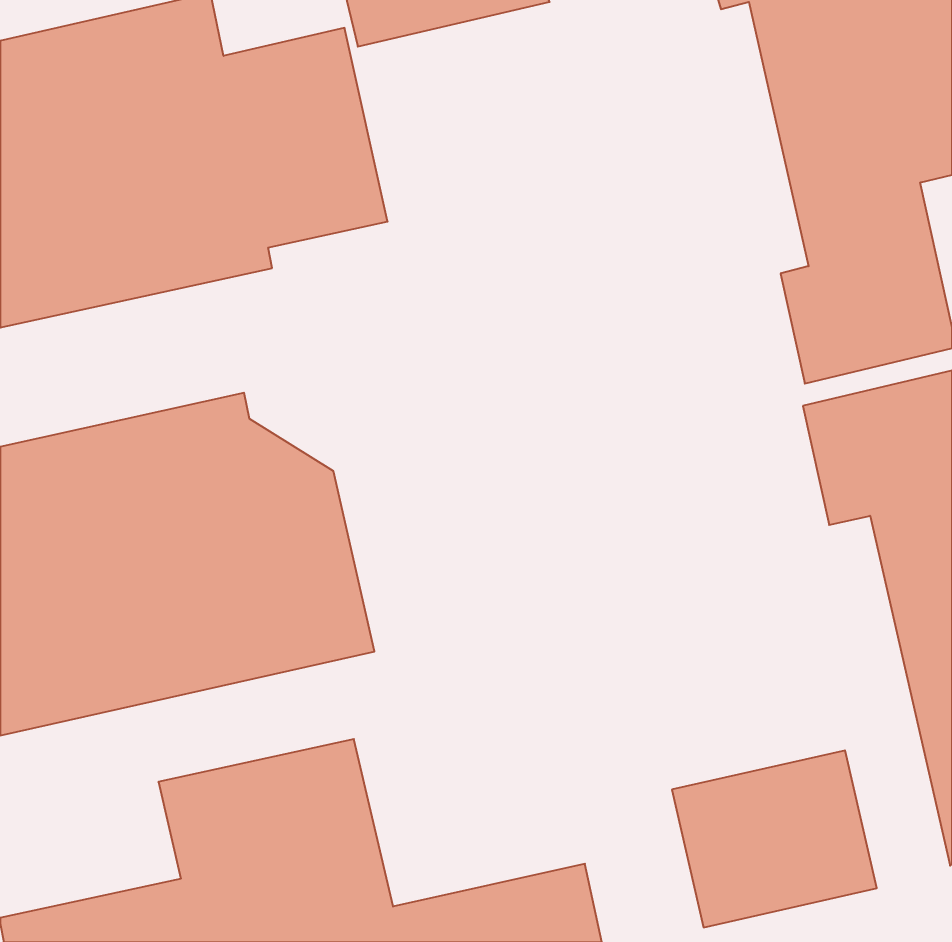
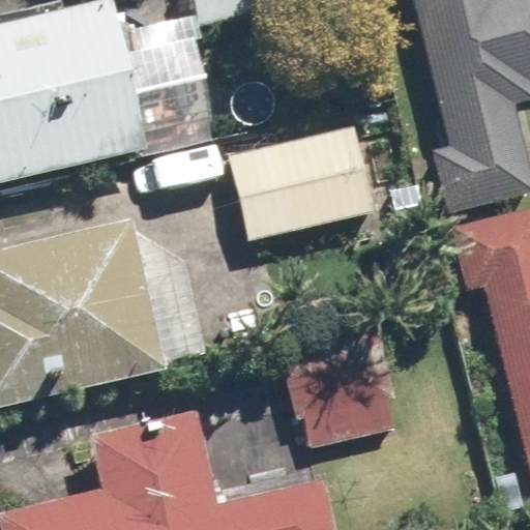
building: none -> [228,124,375,241]
building: [672,750,877,927] -> [284,350,398,448]

